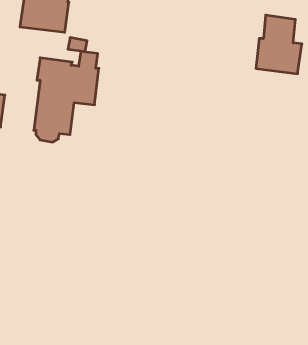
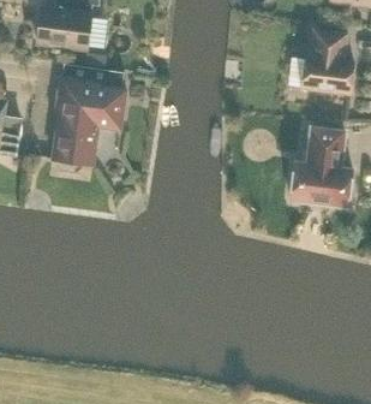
building: none -> [291,126,353,206]

